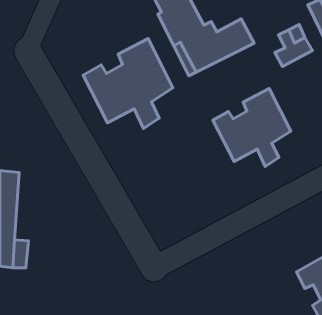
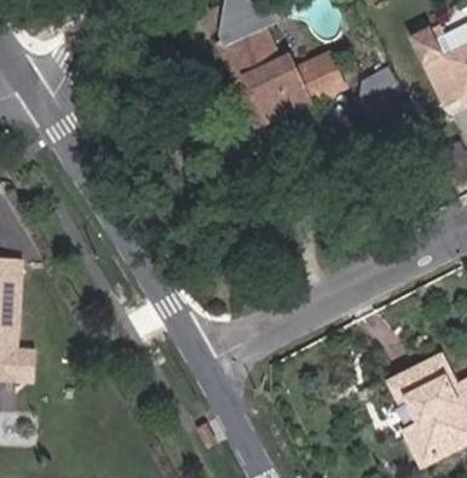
building: [83,39,173,129] -> none
building: [213,89,291,166] -> none

